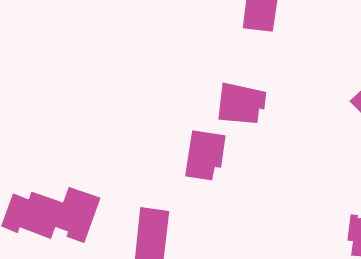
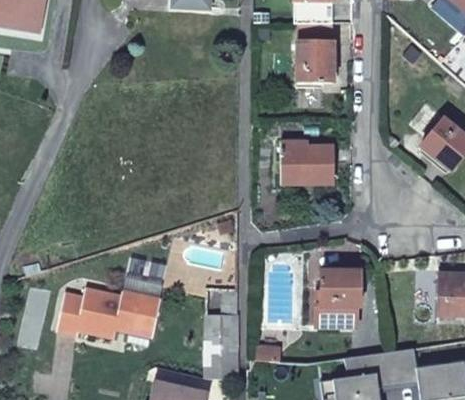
building: [184,130,227,181] -> [319,270,360,323]

